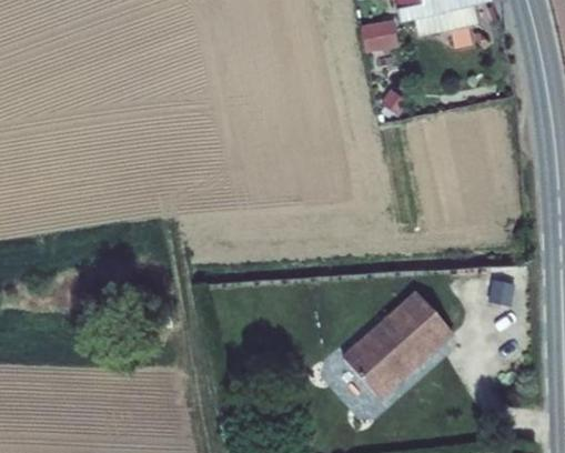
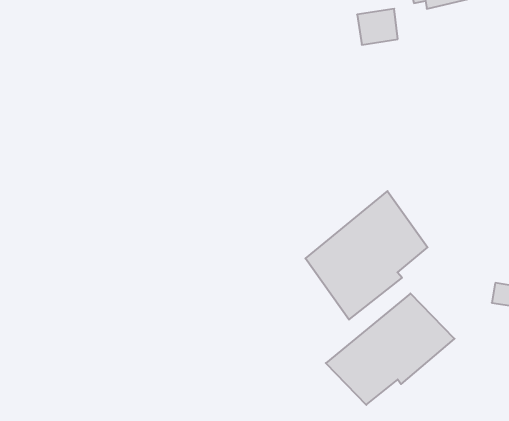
building: none -> [305,191,428,320]

